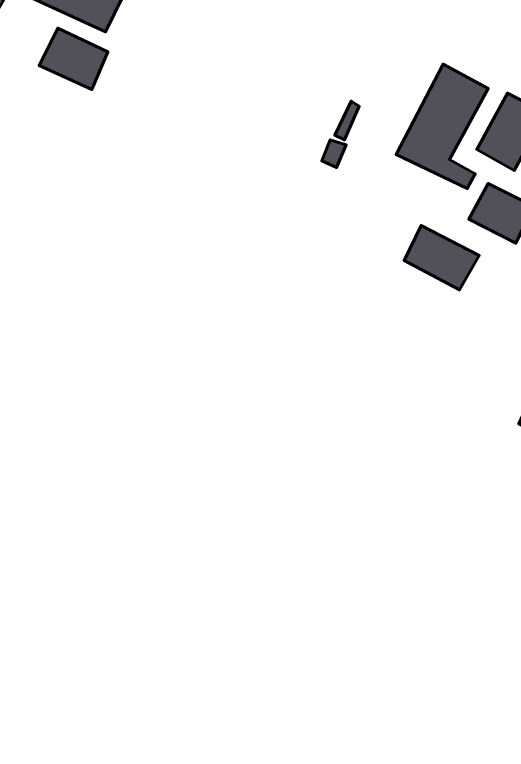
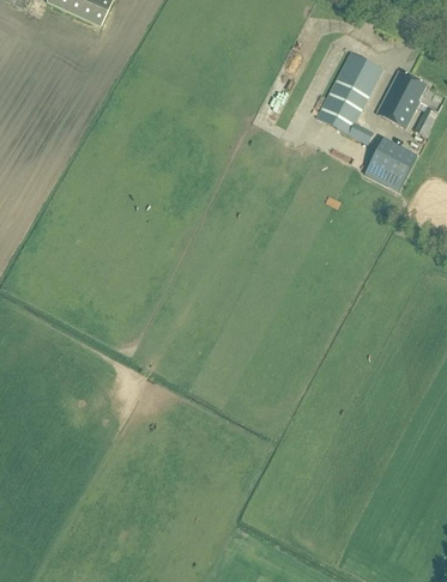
building: [39,28,108,89] -> none
building: [404,226,479,290] -> none

